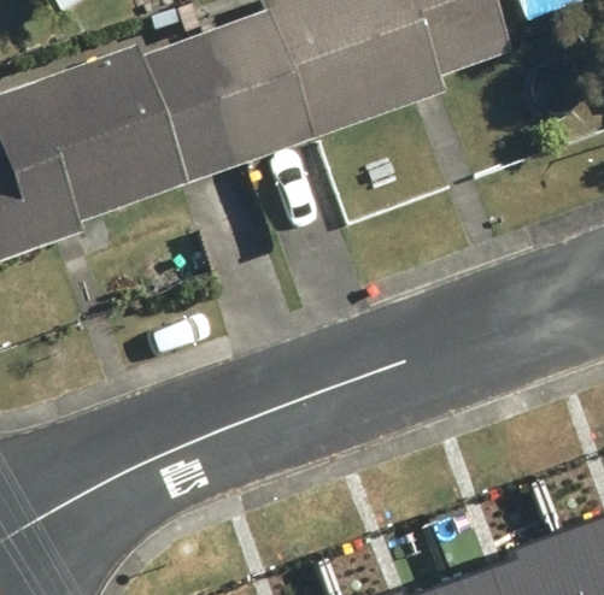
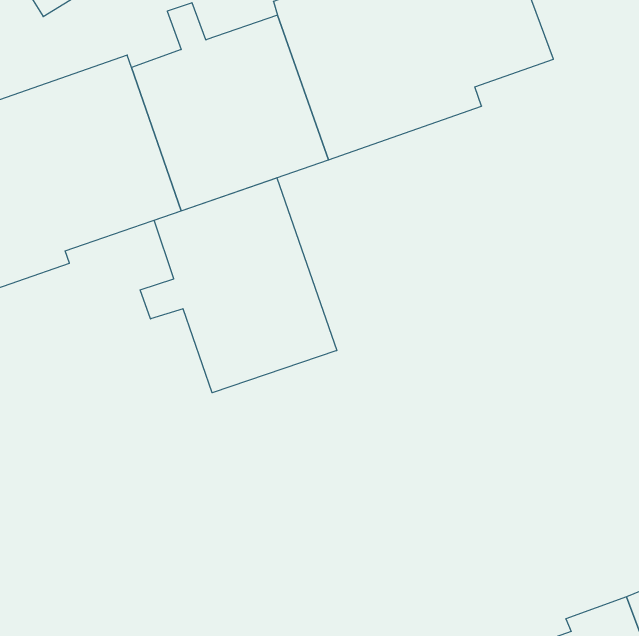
building: none -> [140,178,337,393]

